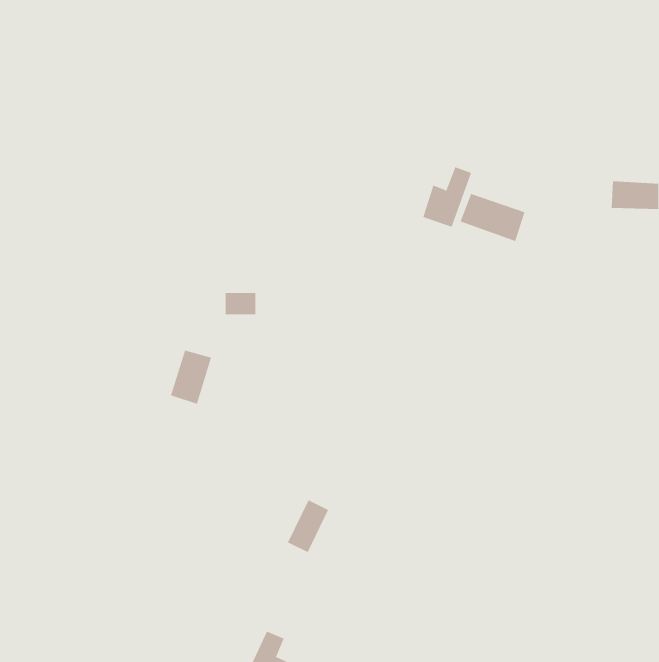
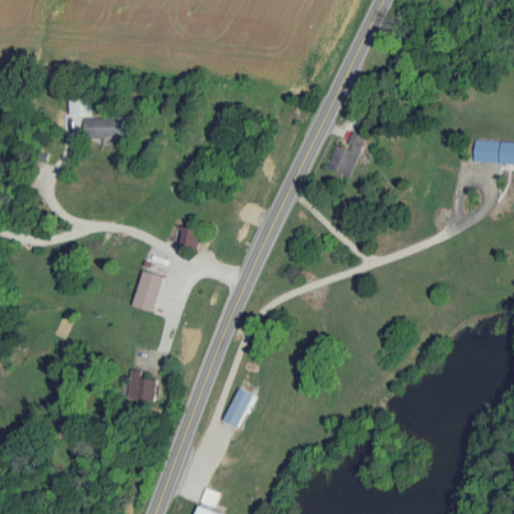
building: none -> [67,98,125,139]
building: [460,193,525,242] -> none
building: none -> [125,373,158,402]

